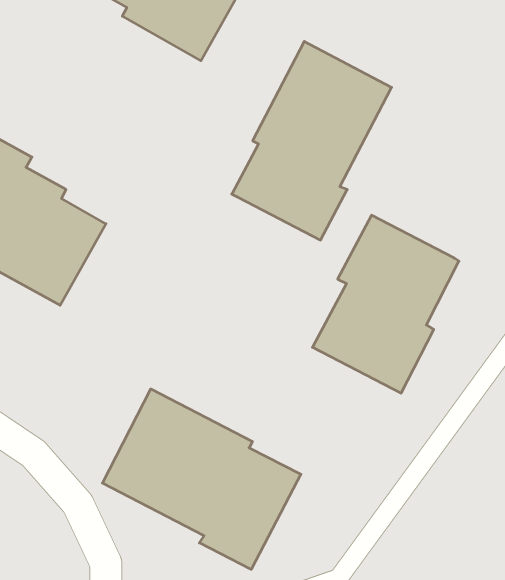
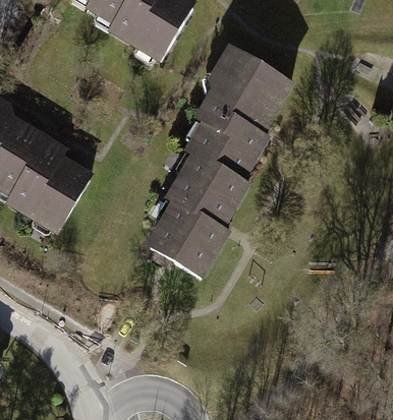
building: [312,215,459,393] -> [145,155,245,277]
building: [102,389,301,569] -> none

